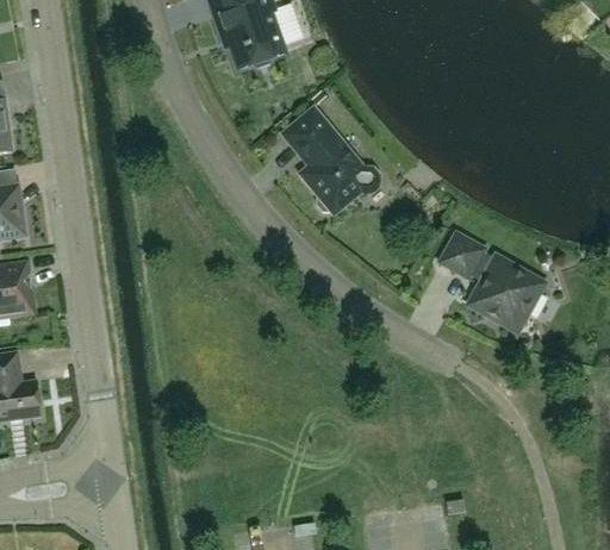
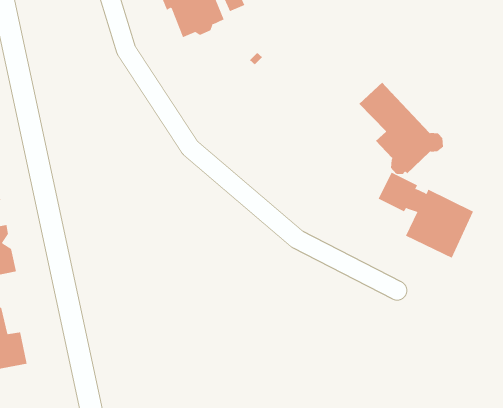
building: [286,108,376,212] -> [359,82,444,175]

